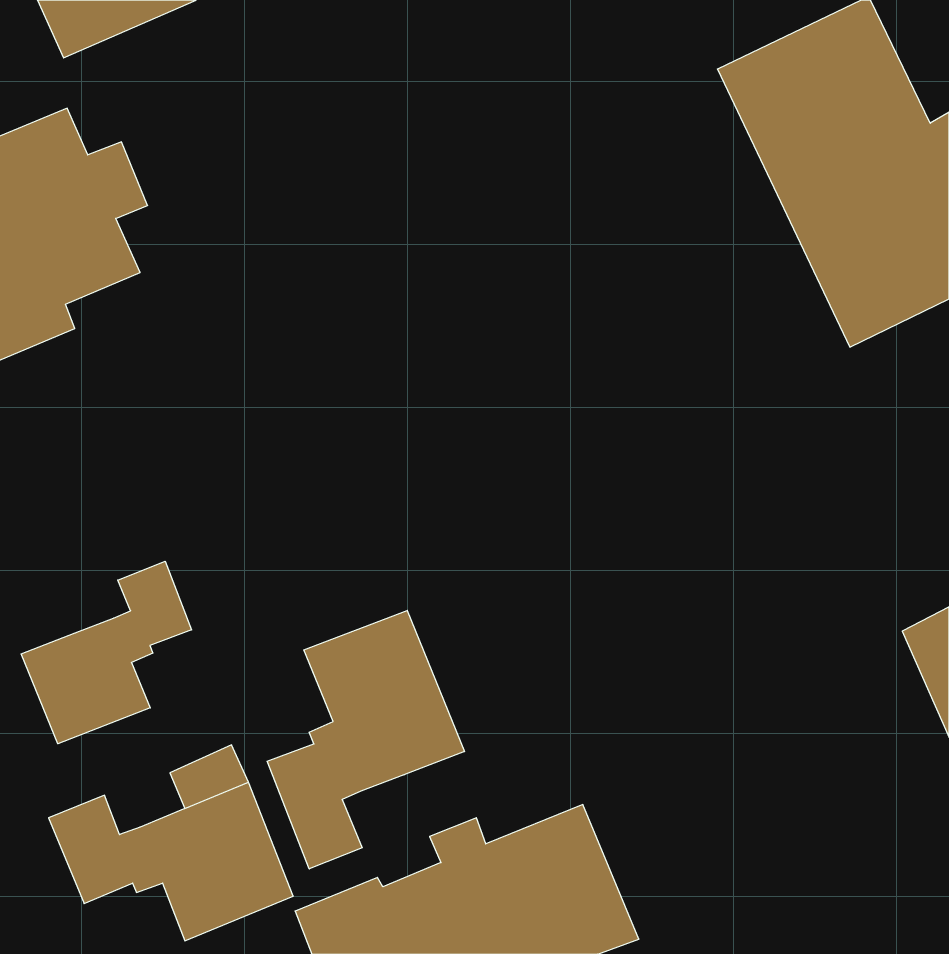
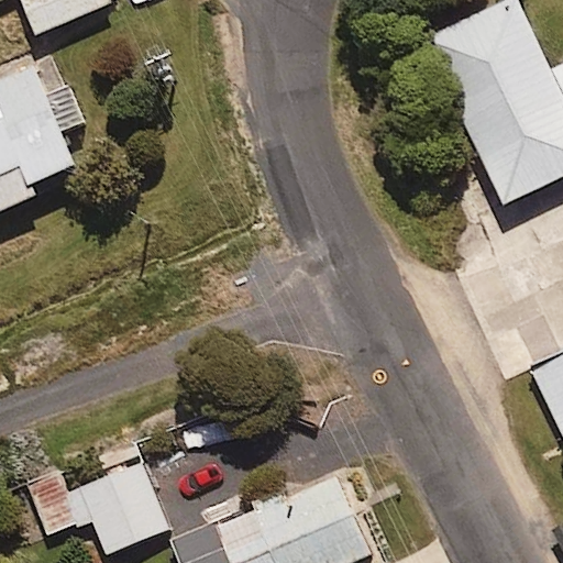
building: [21,561,192,744] -> none
building: [267,610,464,869] -> none

